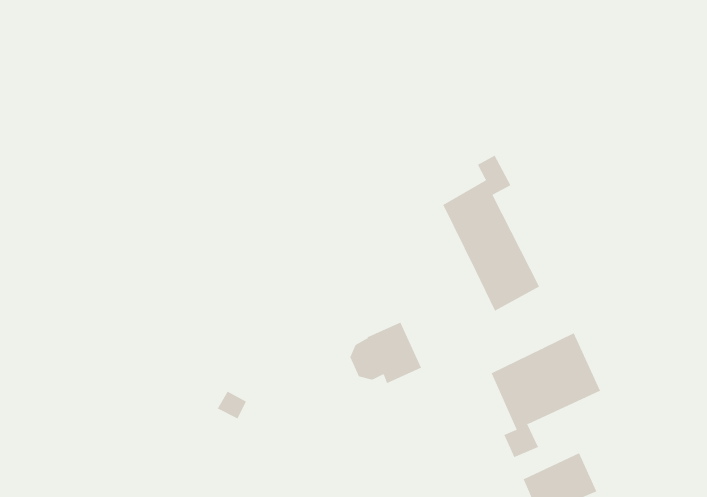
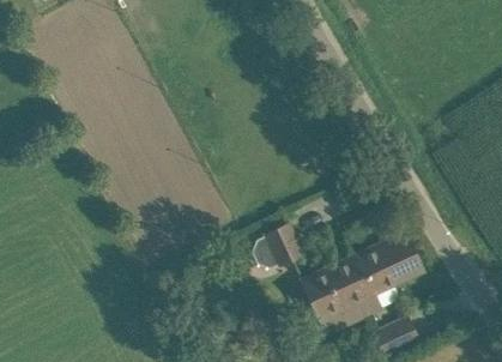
building: [442,155,540,312] -> none
building: none -> [301,259,367,334]

